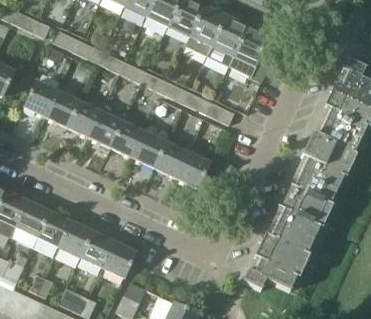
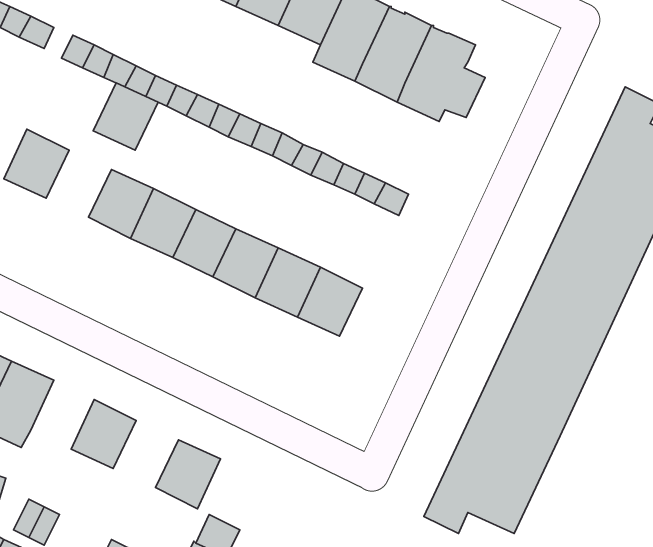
building: [46,91,80,126] -> [93,83,158,150]
building: [38,211,71,247] -> none
building: [81,232,115,267] -> none

